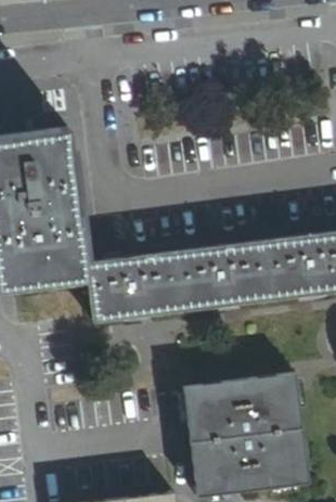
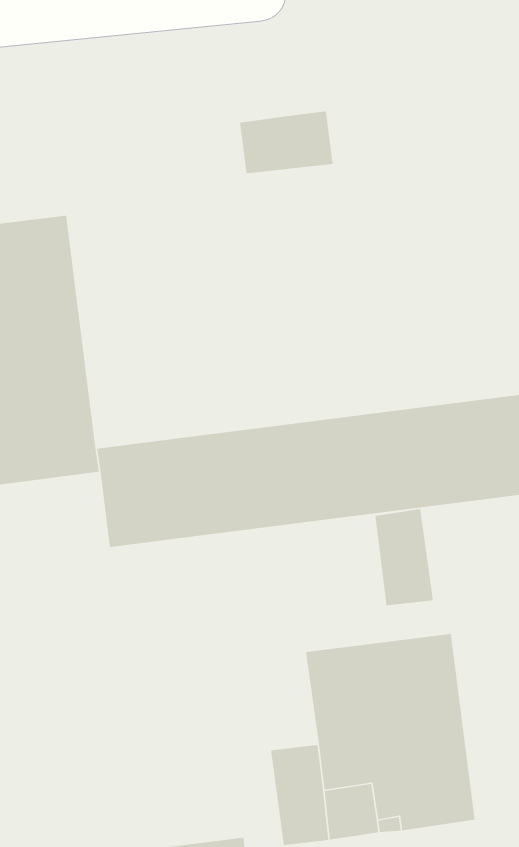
building: none -> [239,111,333,174]
building: [180,383,215,440] -> [375,508,434,606]

